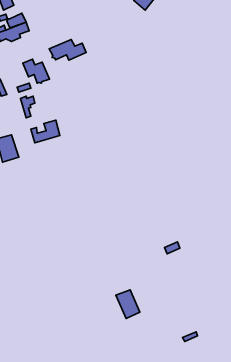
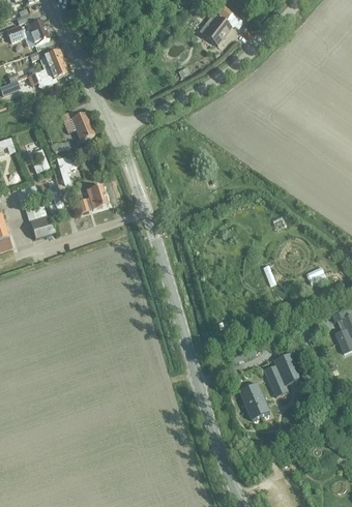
building: [49,40,86,60] -> none
building: none -> [264,350,303,394]
building: [116,290,140,319] -> [237,383,268,420]

